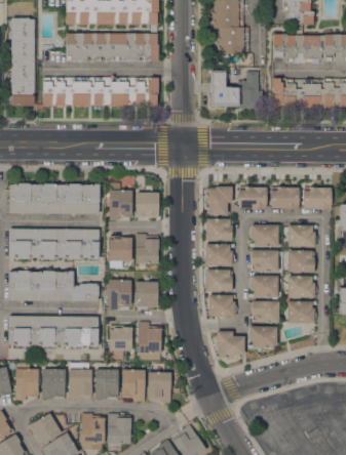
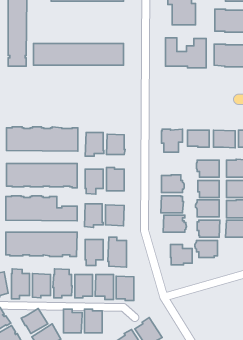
building: [66,34,157,61] -> none
building: [205,219,233,241] -> none

